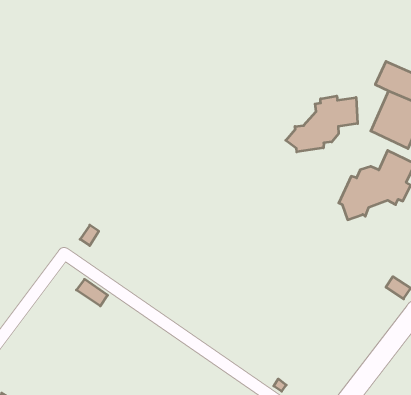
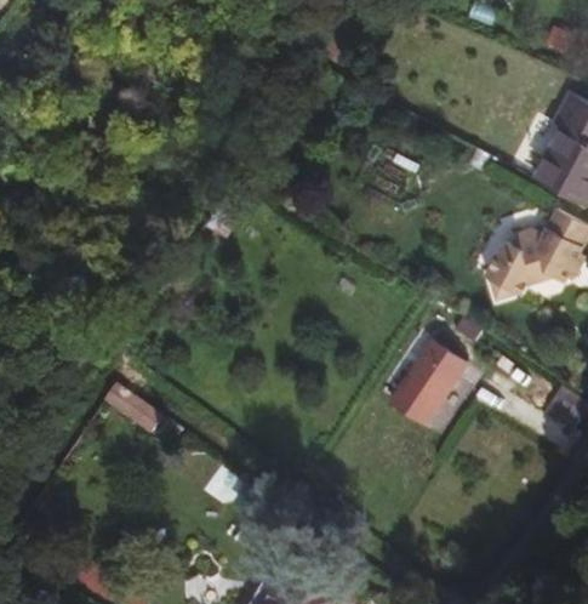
building: [286,96,358,152] -> none
building: none -> [398,334,472,417]

